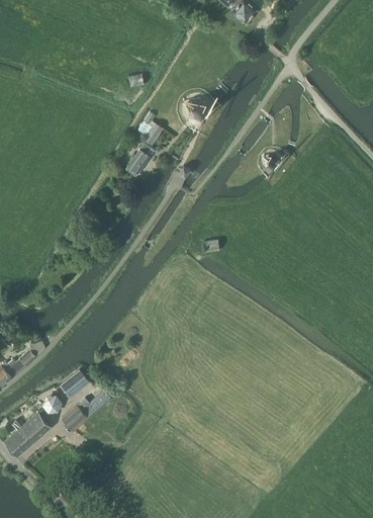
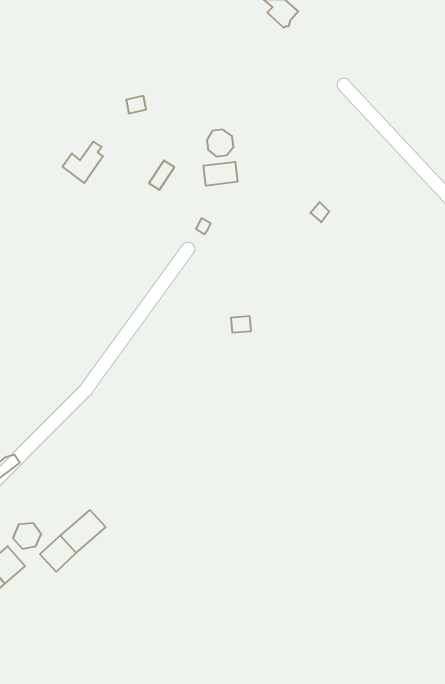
building: none -> [203,162,238,186]
building: [119,145,150,176] -> [63,141,103,183]
building: [61,369,89,398] -> none

